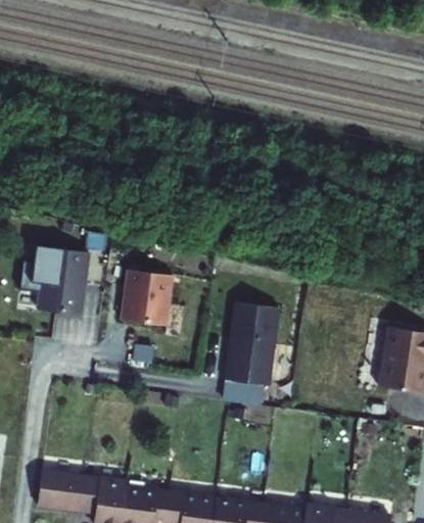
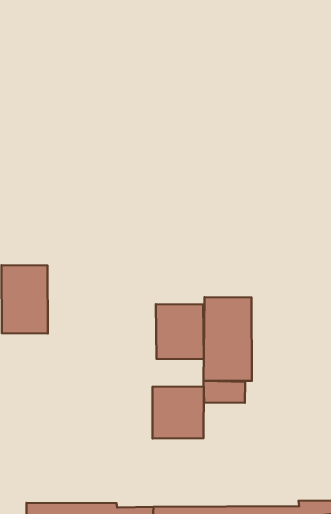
building: [125,270,175,327] -> [156,304,204,359]
building: none -> [152,386,204,439]

